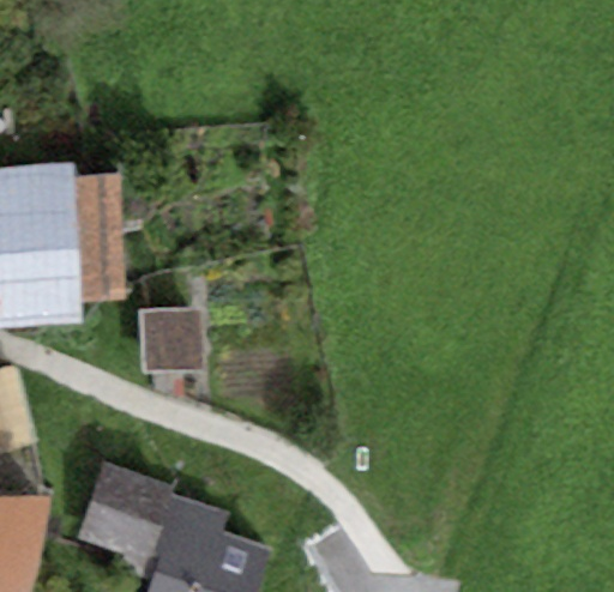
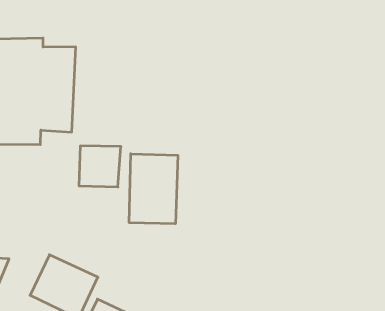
building: none -> [129,154,178,224]

